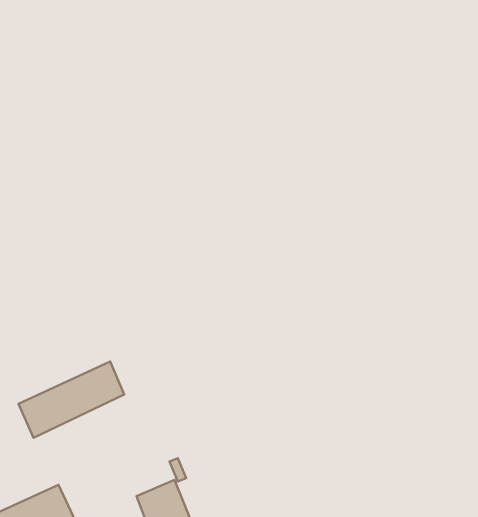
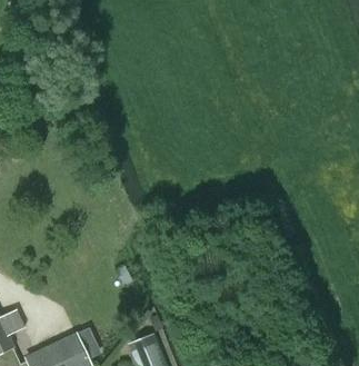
building: [18,361,124,438] -> none

